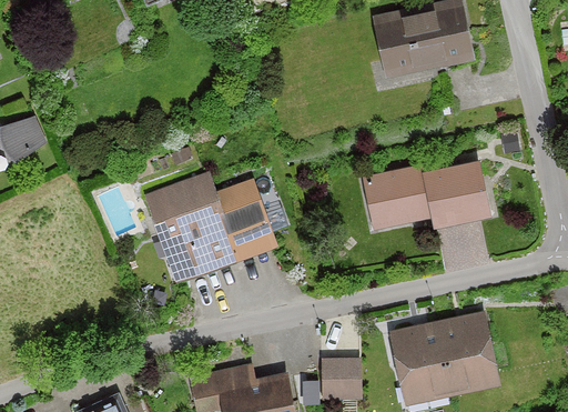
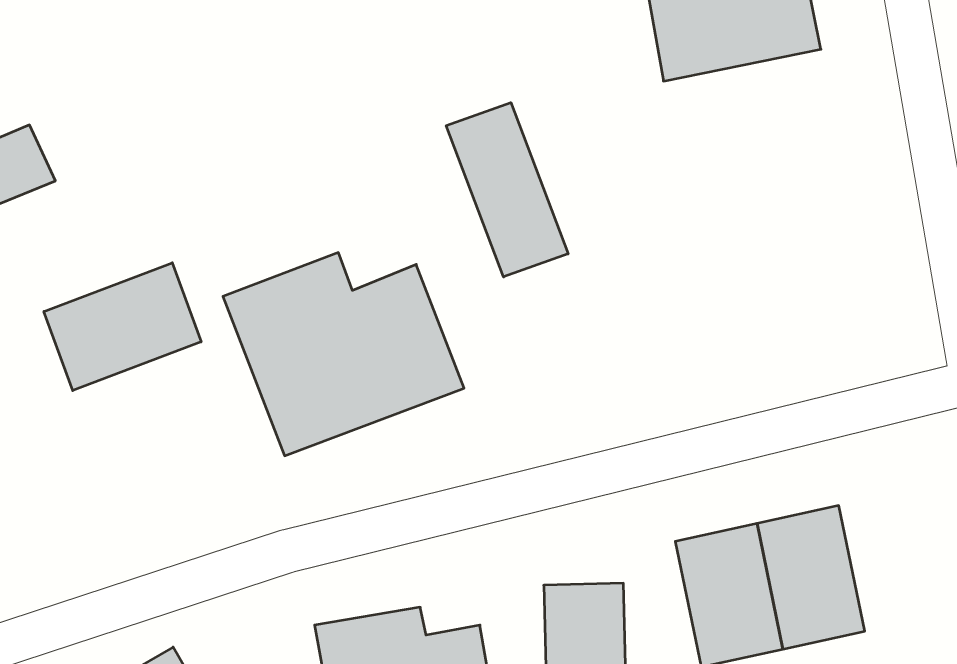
building: none -> [446,103,568,277]
building: [365,167,490,235] -> none
building: none -> [44,263,201,391]

